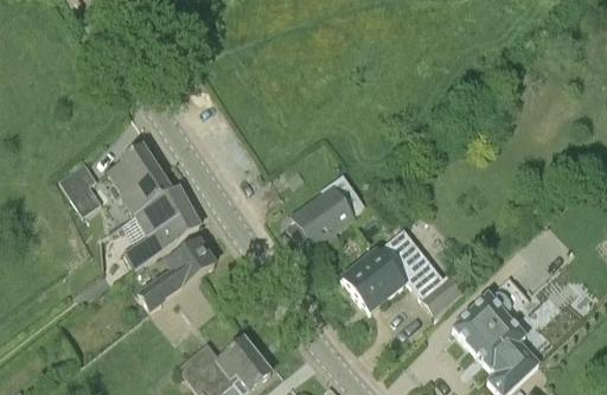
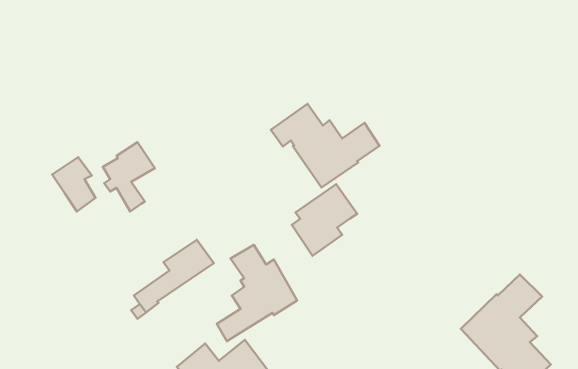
building: none -> [271,104,379,188]
building: [123,172,200,265] -> [217,245,297,341]
building: [343,228,465,316] -> none

